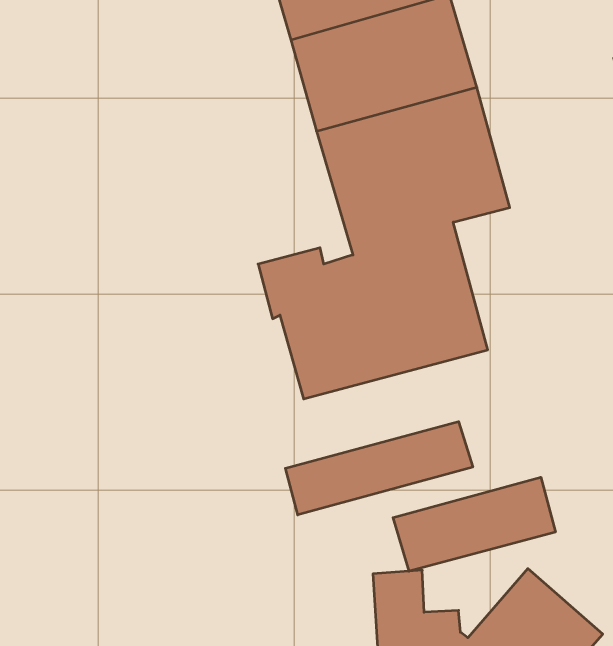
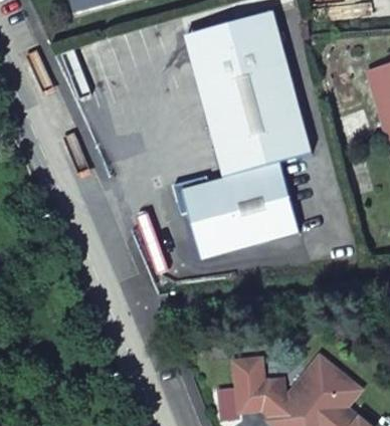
building: [285,422,473,515] -> none
building: [393,477,555,571] -> none

